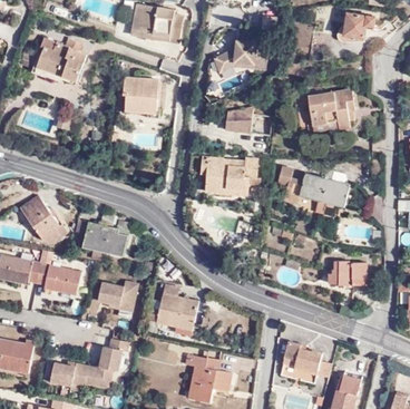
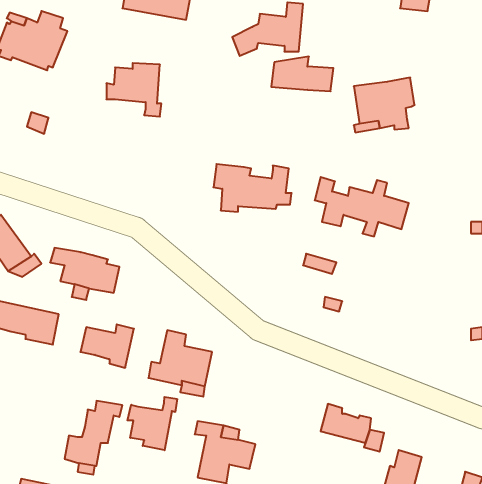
building: [225,107,273,134] -> [271,57,333,91]
building: [329,261,369,285] -> none
building: none -> [127,397,177,450]
building: [51,362,89,388] -> none

